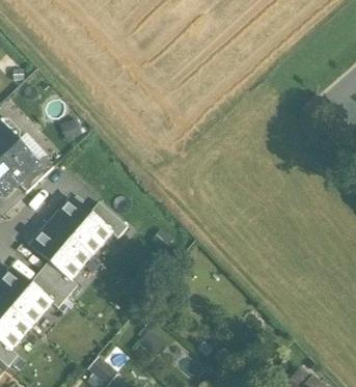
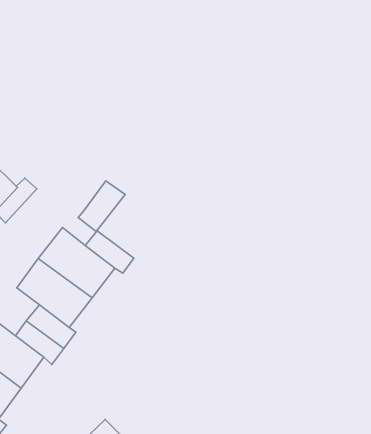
building: none -> [78,181,125,231]

